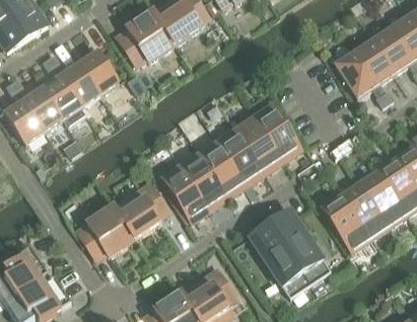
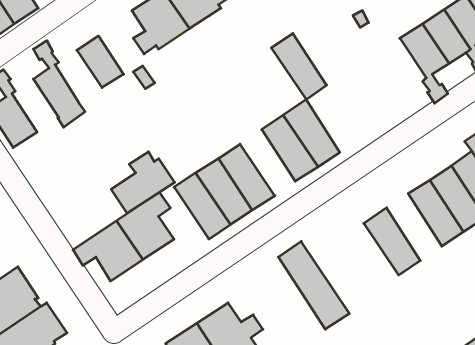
building: [334,51,374,96] -> none
building: [61,61,100,105] -> none
building: [24,85,64,130] -> none
building: [217,128,264,183] -> [271,33,327,100]
building: none -> [111,152,175,213]
building: [341,181,388,238] -> none
building: [269,209,330,283] -> none

